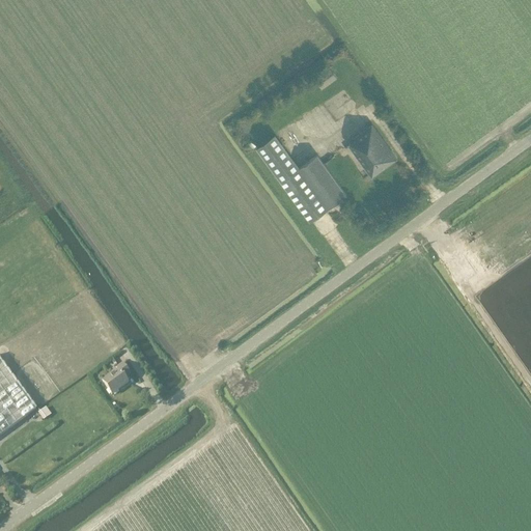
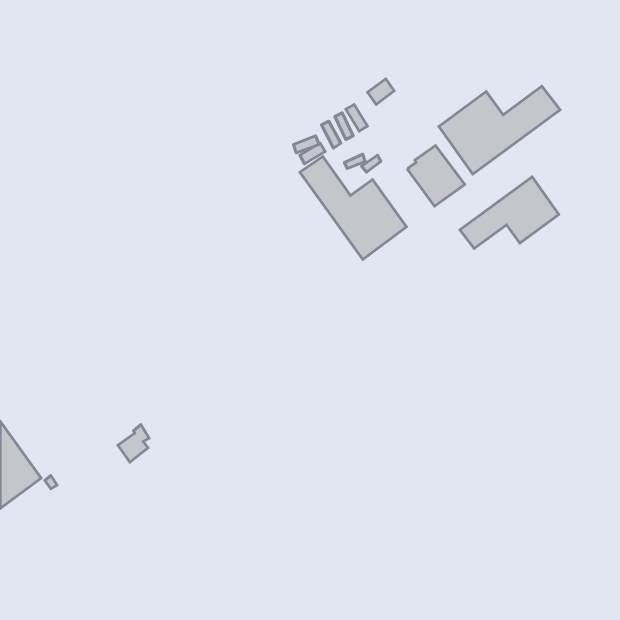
building: none -> [439,86,560,174]
building: none -> [460,177,559,249]

